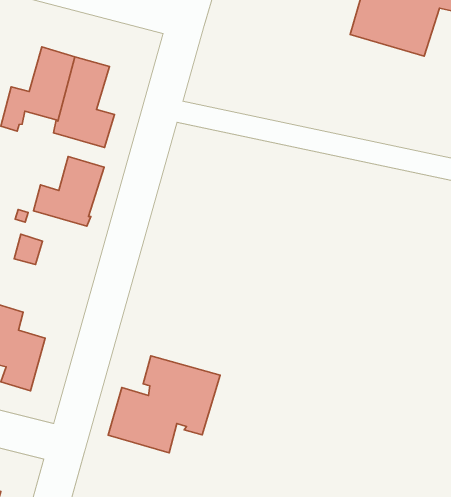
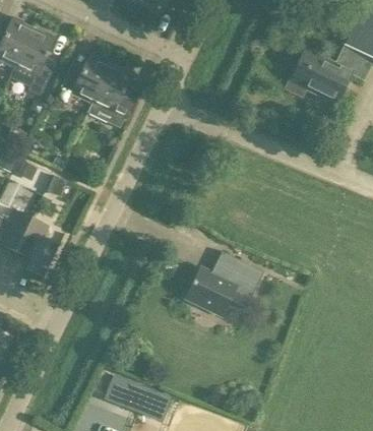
building: [33,157,104,226] -> none
building: [108,356,220,453] -> [185,250,264,315]

